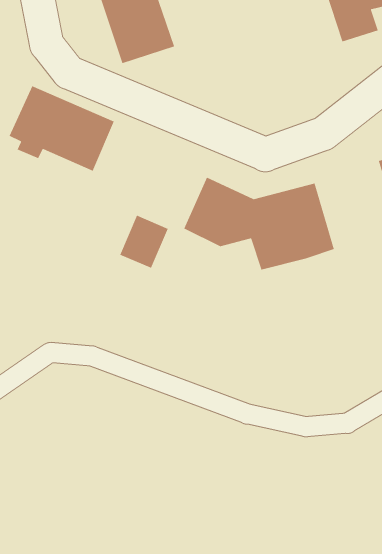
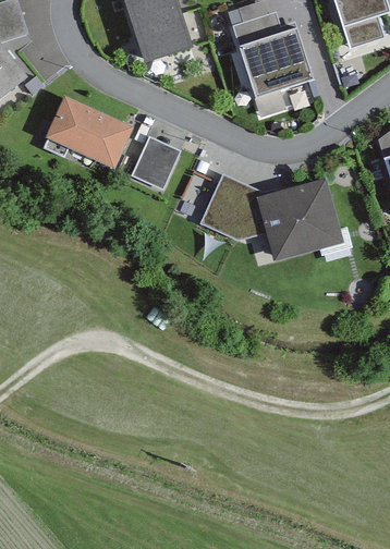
building: none -> [232,13,315,118]
building: [119,215,169,269] -> [132,136,179,187]

